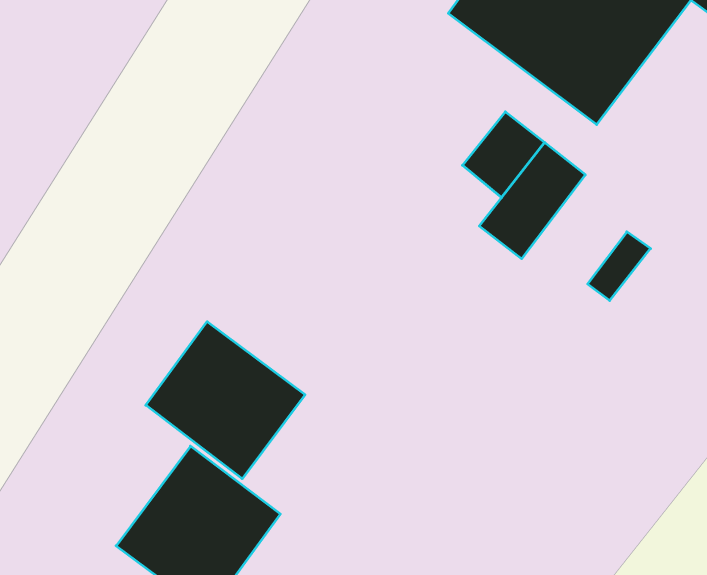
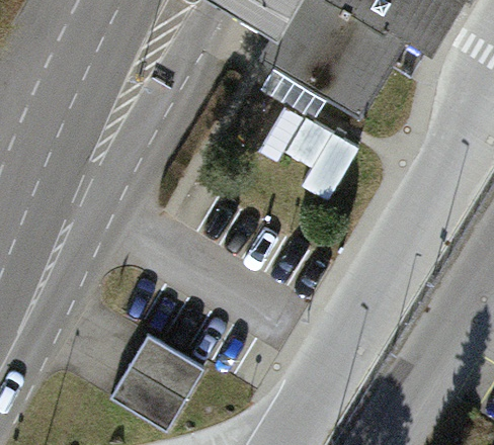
building: [146,322,305,479] -> none

